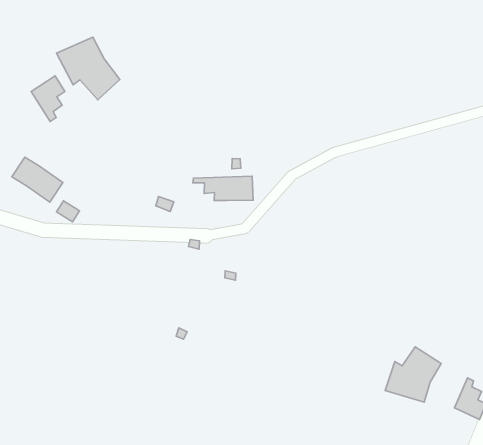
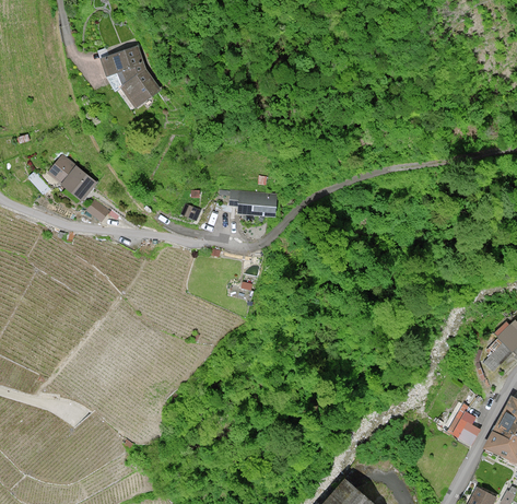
building: [31,76,65,121] -> none
building: [385,347,441,402] -> none

